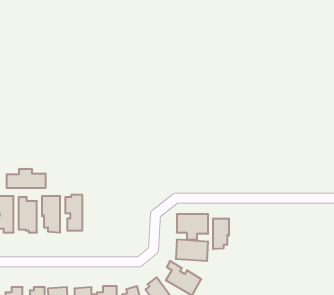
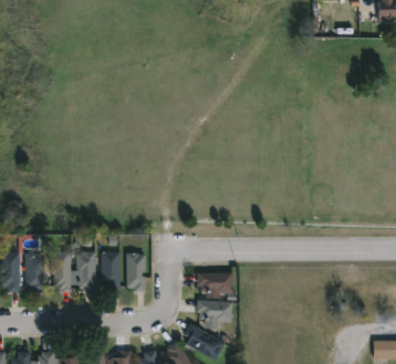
building: [7,169,45,188] -> none
building: none -> [101,251,121,292]
building: none -> [126,252,146,291]
building: [213,218,229,249] -> none

